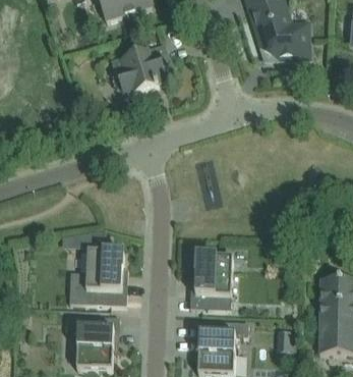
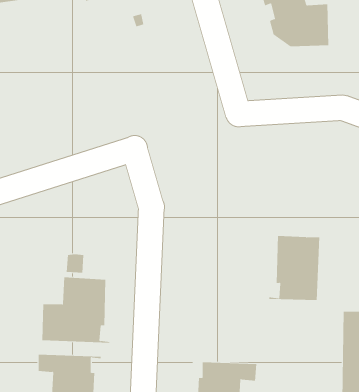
building: [113,46,170,97] -> none
building: [189,256,232,310] -> [269,236,320,301]

